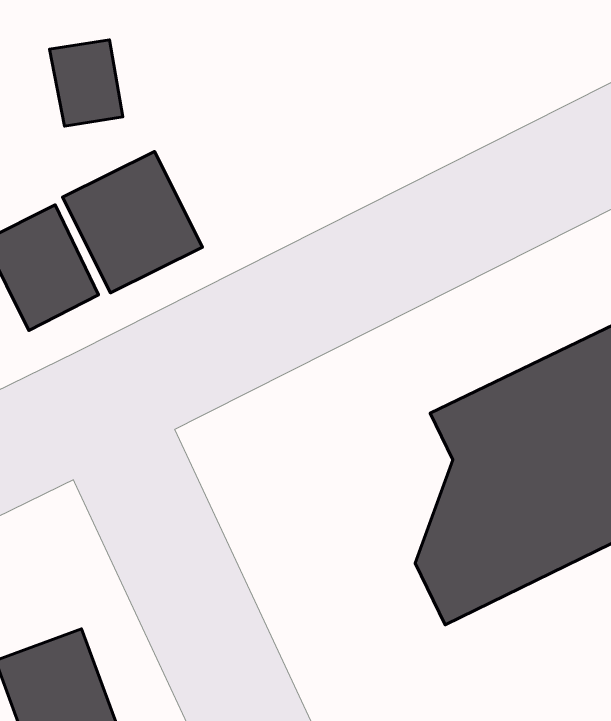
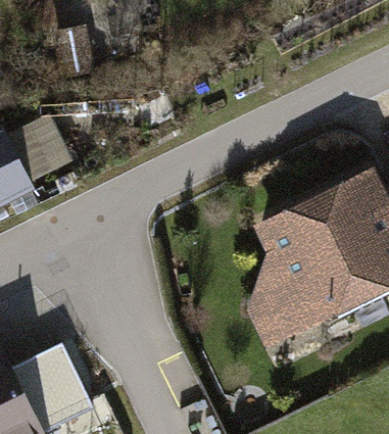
building: [63,151,202,293] -> none

